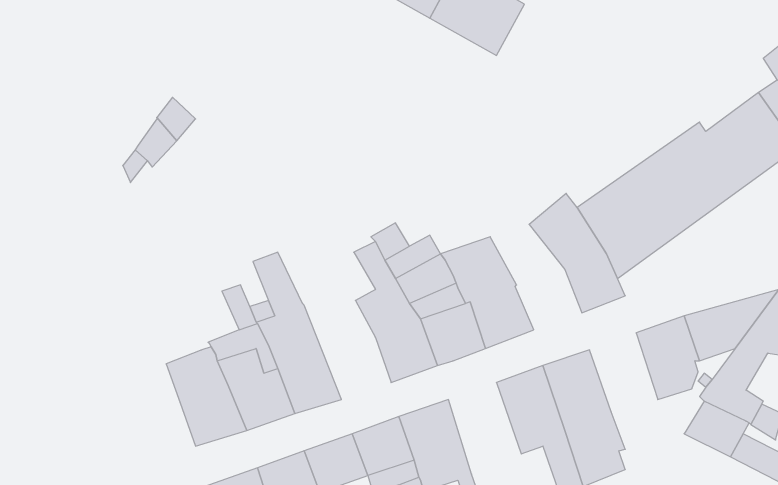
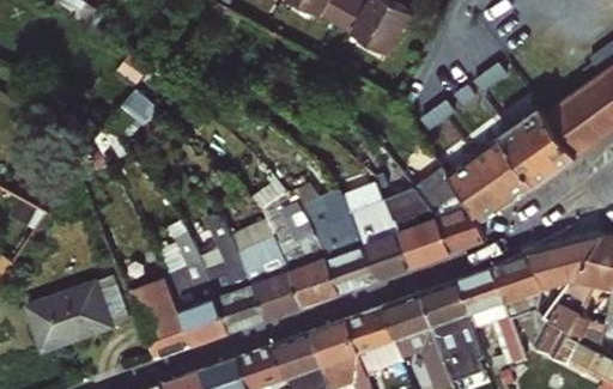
building: none -> [382,184,453,266]
building: none -> [238,232,305,320]
building: none -> [459,268,524,364]
building: none -> [31,280,127,347]
building: none -> [350,306,406,377]

